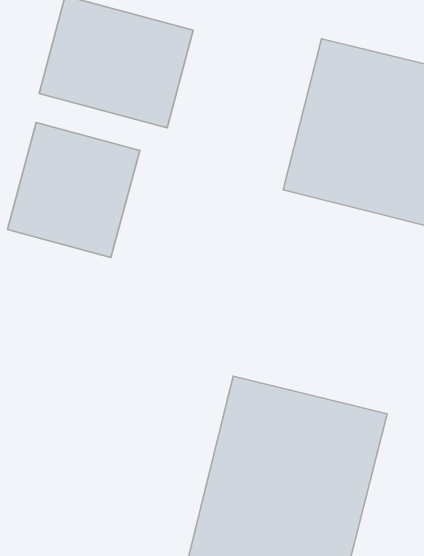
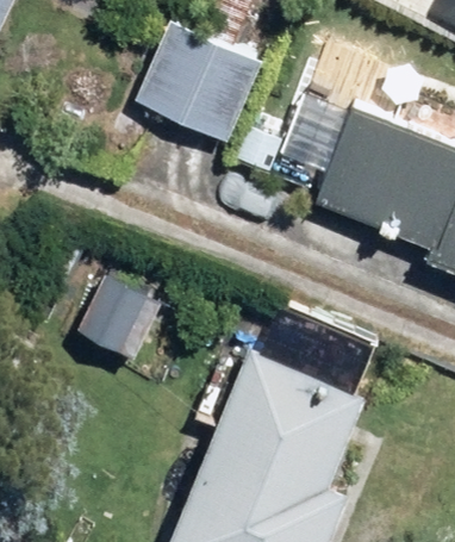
building: [7,122,140,258] -> none

